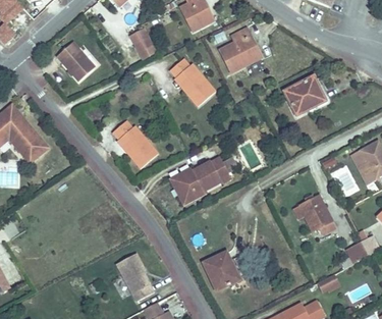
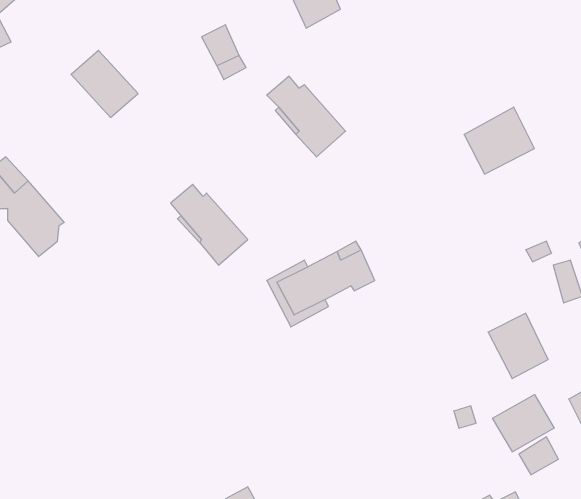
building: [214,28,253,73] -> none
building: none -> [493,395,554,452]
building: [119,250,158,299] -> none
building: [200,251,240,291] -> none

